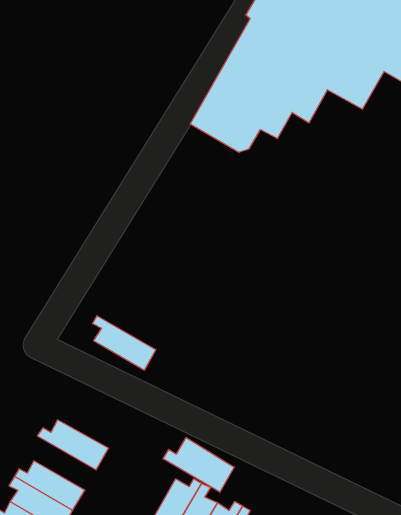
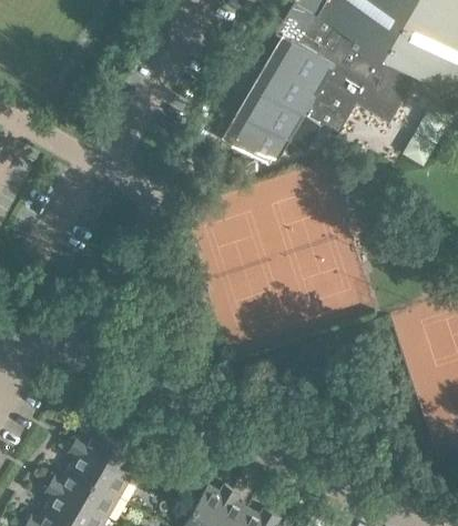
building: [92,316,156,370] -> [68,441,130,494]
building: [163,438,234,492] -> none

